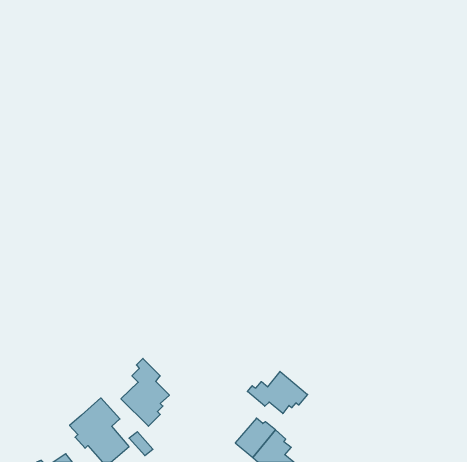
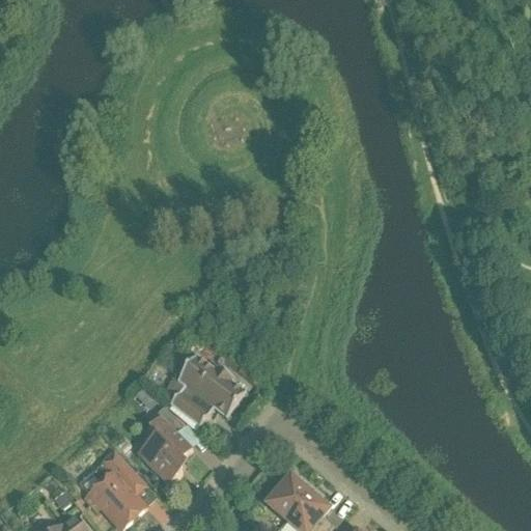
building: none -> [161,353,246,425]
building: [247,371,308,414] -> none

